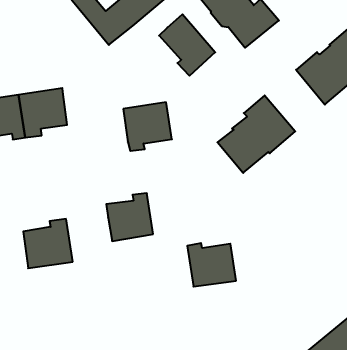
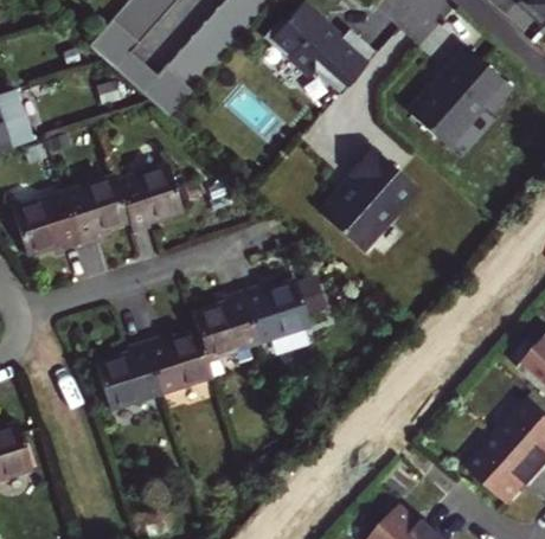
building: [159,14,215,76] -> none
building: [123,102,172,151] -> [121,166,187,233]
building: none -> [149,331,217,392]
building: [187,243,236,287] -> [245,282,313,342]

